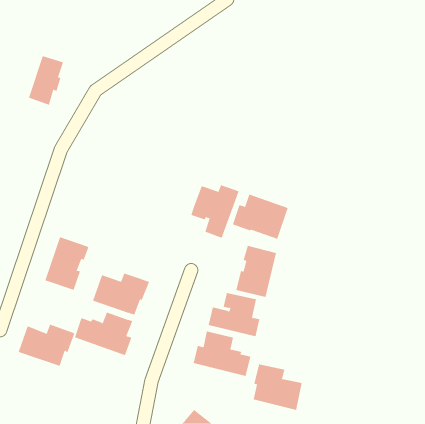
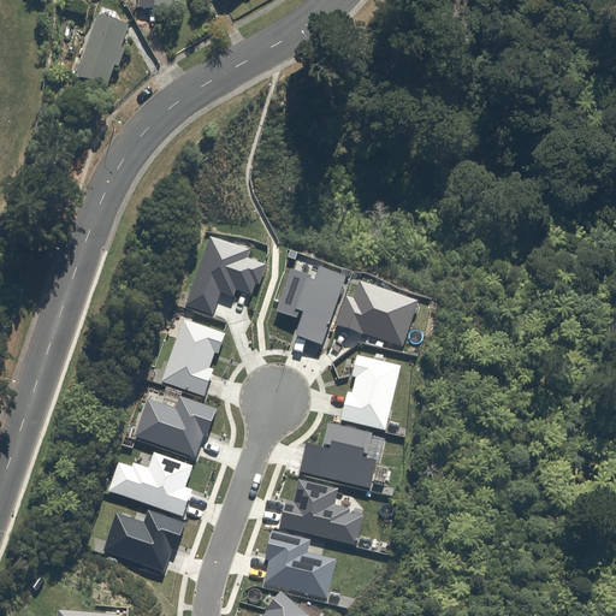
building: [28,56,64,105] -> [77,13,129,85]
building: none -> [184,233,265,313]
building: [44,236,89,290] -> [160,316,225,395]
building: [18,324,75,366] -> [102,508,185,569]
building: [253,364,303,410] -> [263,531,336,598]

